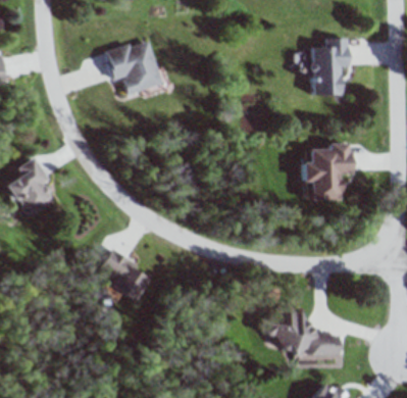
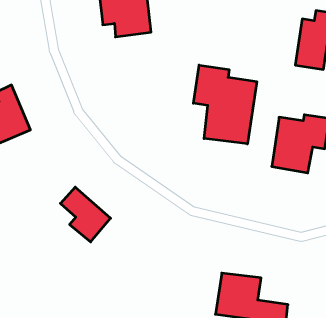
building: none -> [193,65,257,144]

